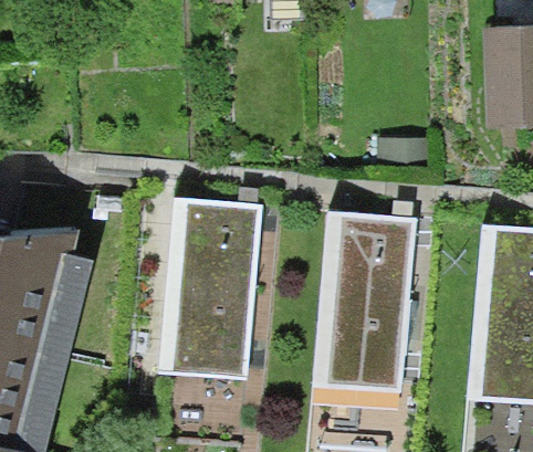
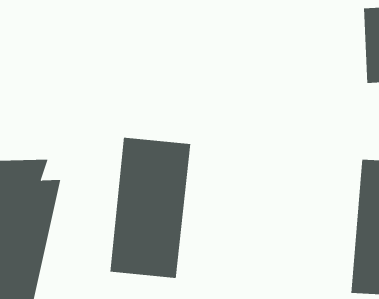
building: [315,214,416,398] -> none

